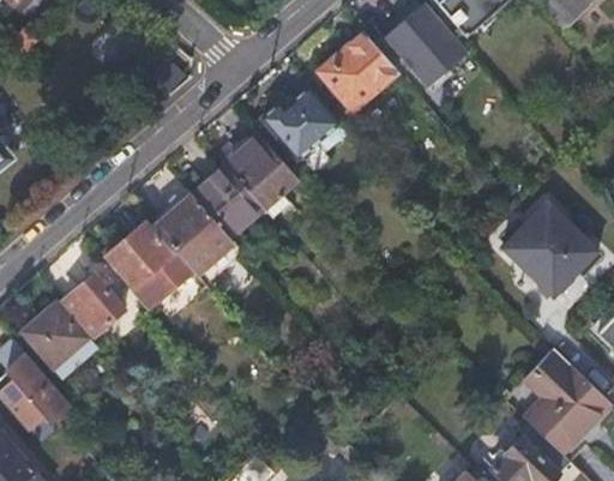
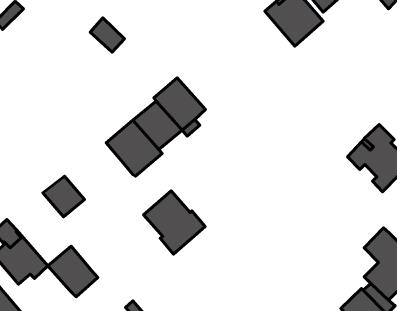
building: [319,32,398,112] -> none
building: [265,89,338,157] -> none
building: [106,221,194,312] -> [144,191,205,254]
building: [23,302,95,375] -> [48,246,98,297]

